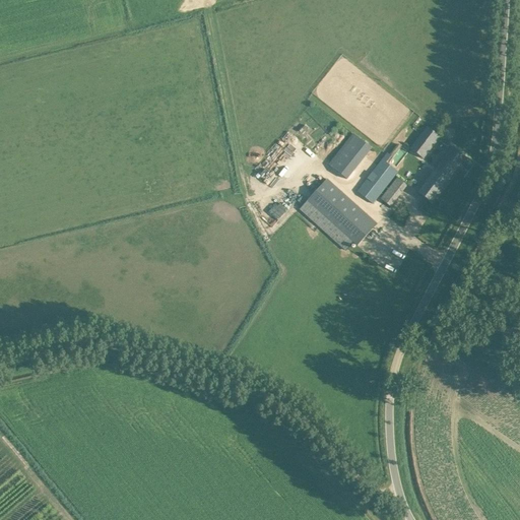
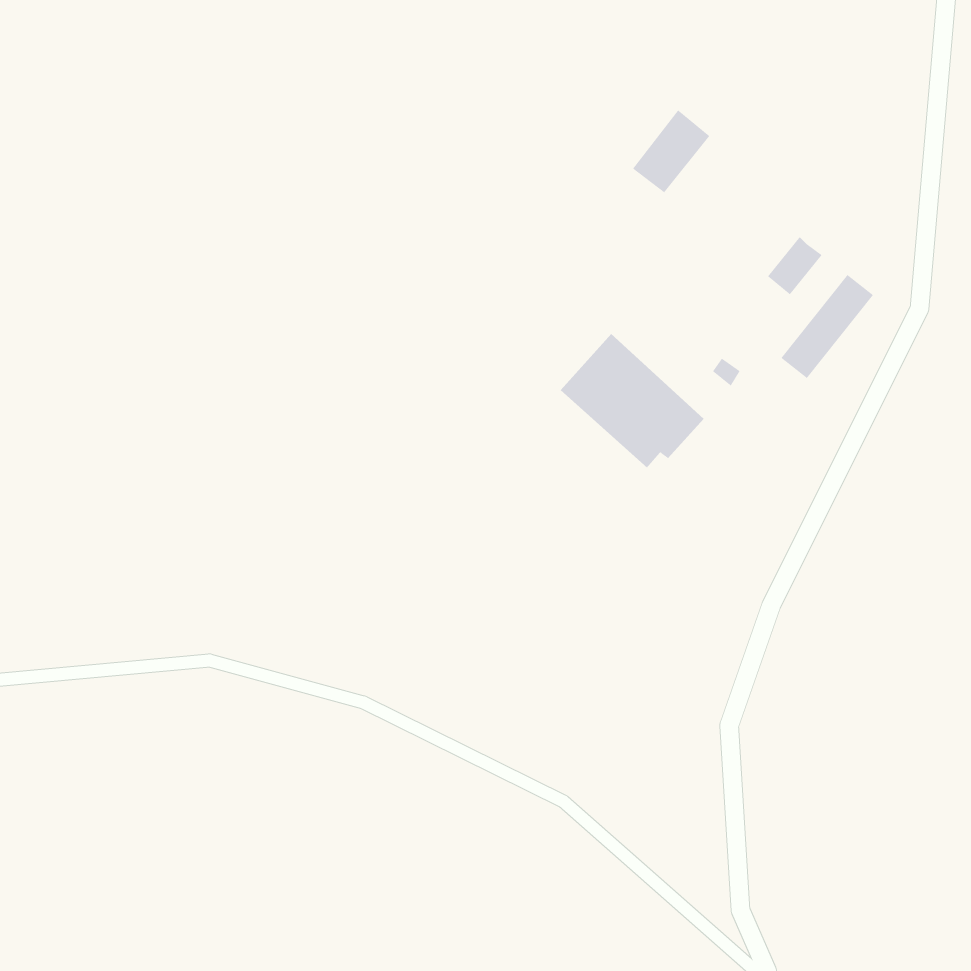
building: [329,134,371,179] -> [632,110,710,193]
building: [355,151,397,203] -> none

